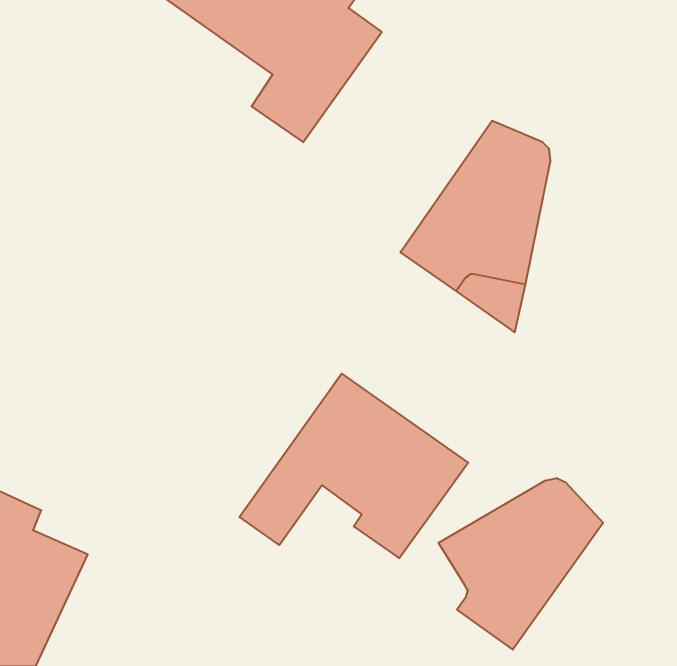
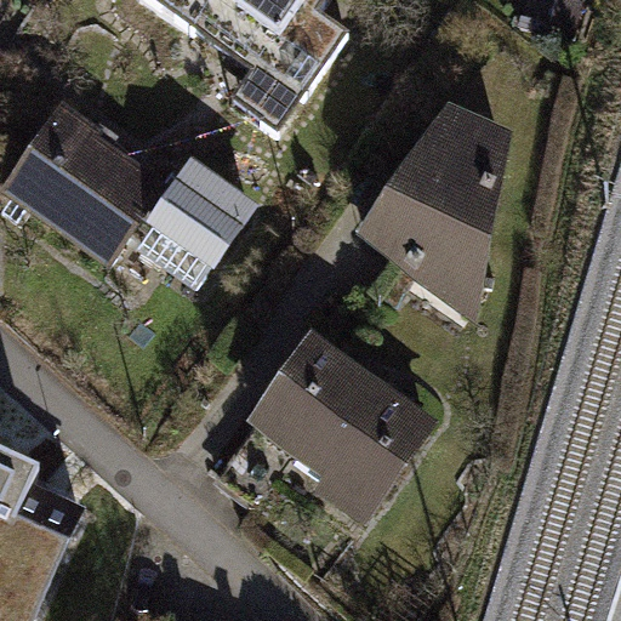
building: none -> [5,103,249,279]
building: [439,478,603,650] -> none

